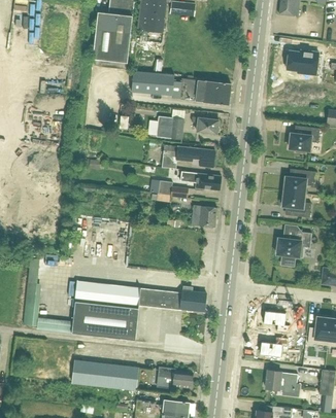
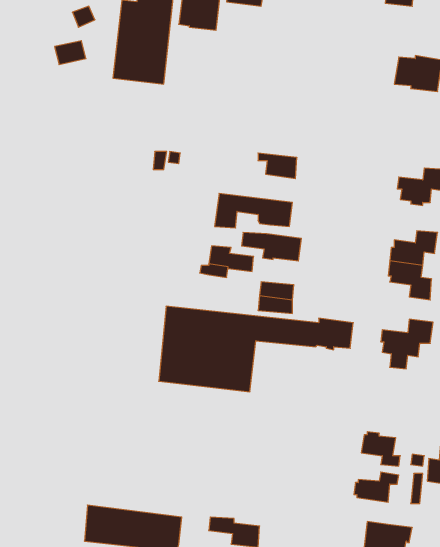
building: [131,71,230,104] -> none
building: [156,115,183,139] -> none
building: [71,281,205,340] -> [159,306,353,392]

